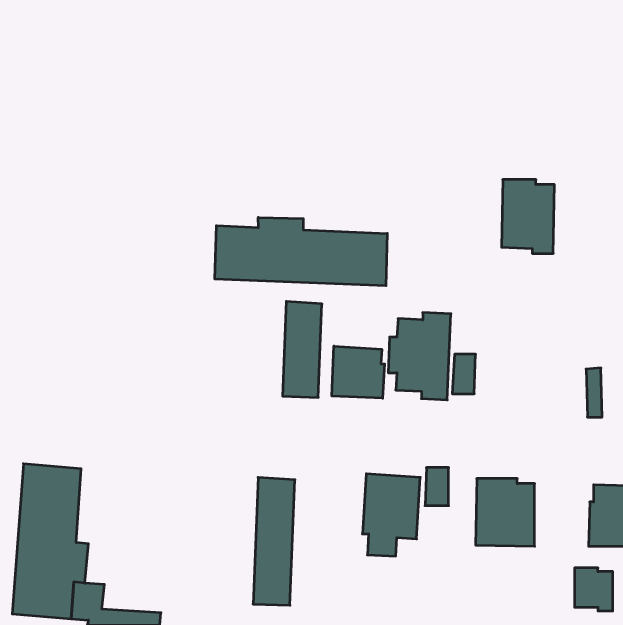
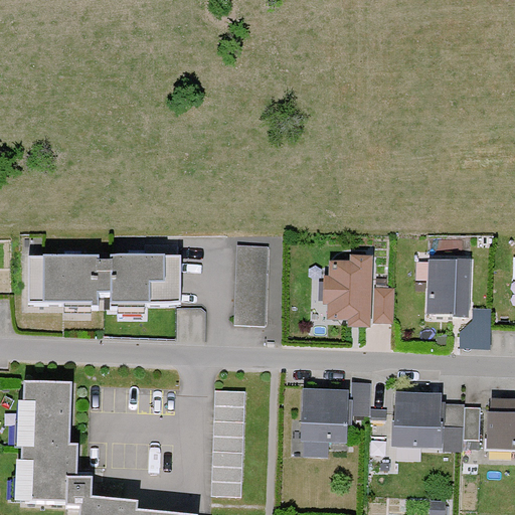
building: [502,180,554,253] -> [427,258,471,318]
building: [215,217,387,286] -> none
building: none -> [25,254,181,305]
building: [332,346,385,398] -> none
building: [575,568,613,611] -> [445,403,476,439]

